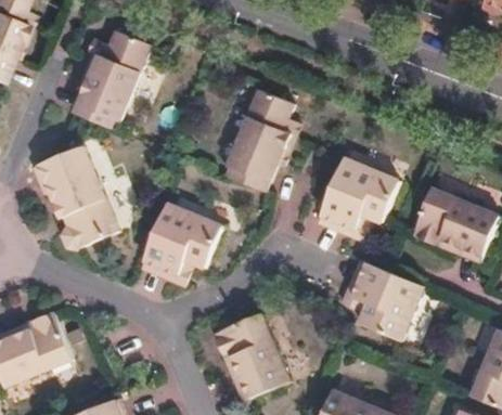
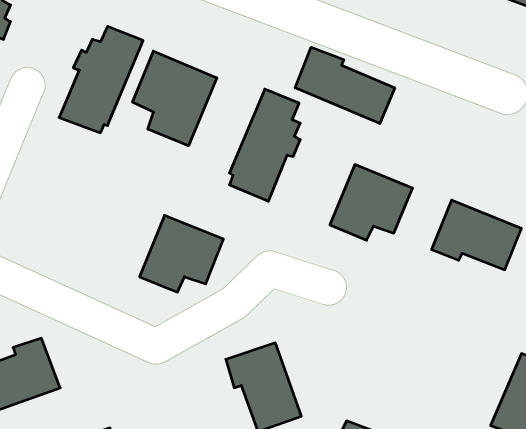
building: none -> [295,47,395,124]
building: none -> [133,51,217,146]
building: [40,150,121,249] -> none
building: [356,263,425,341] -> none

